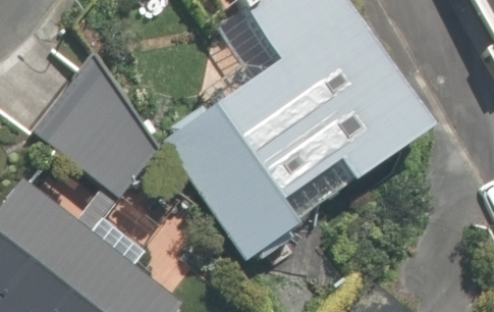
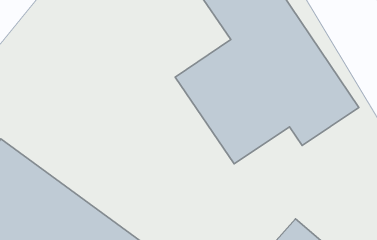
building: [42,63,170,201] -> none
building: [166,99,299,258] -> none

